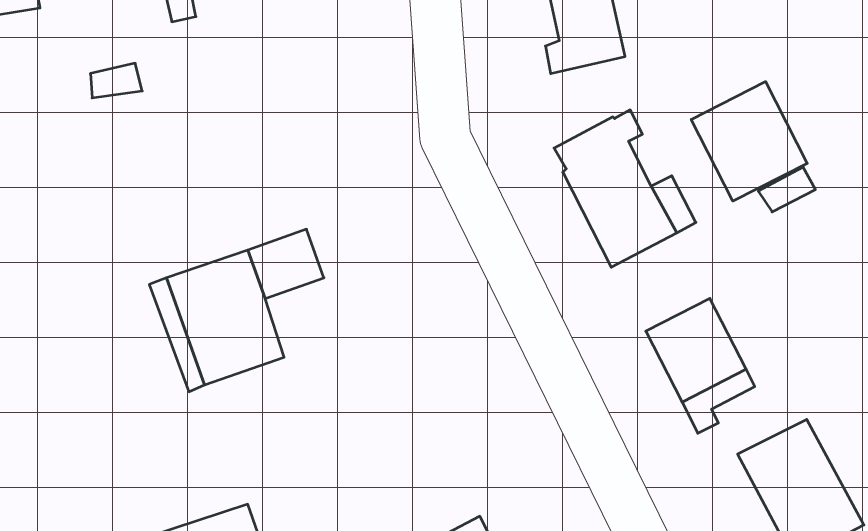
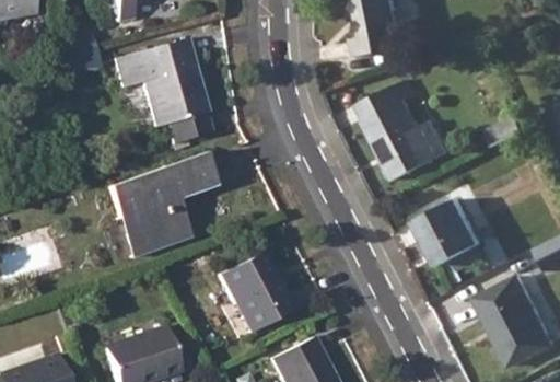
building: none -> [117,40,210,146]
building: [691,82,807,201] -> none
building: none -> [219,251,298,332]

